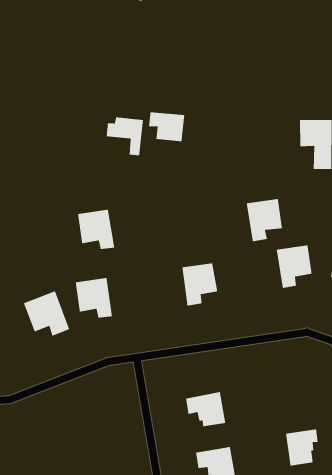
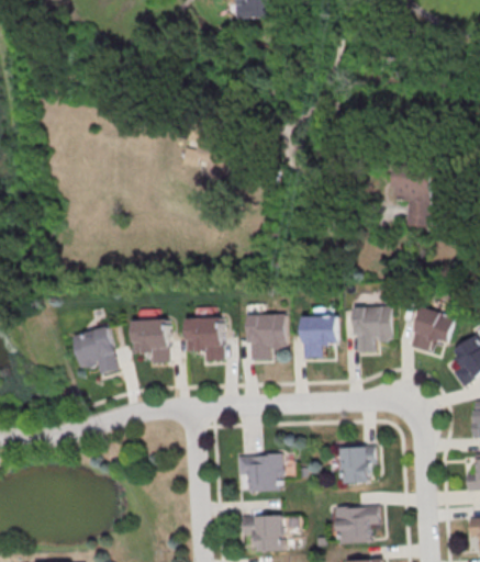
building: [148,111,185,142] -> none
building: [246,198,283,242] -> [301,311,338,356]
building: [77,209,115,250] -> [183,315,221,359]
building: none -> [341,447,376,485]

